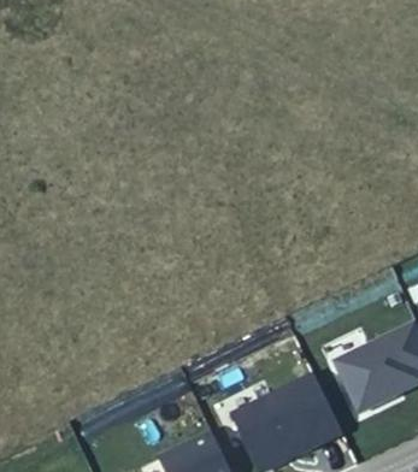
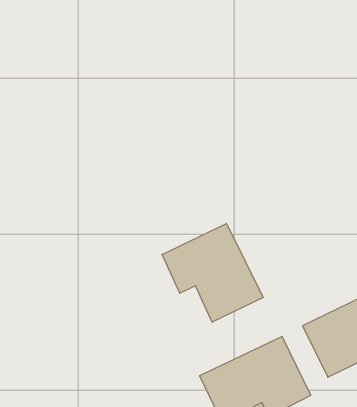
building: none -> [162,223,263,322]

